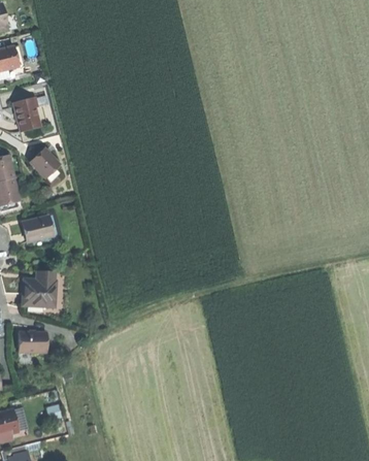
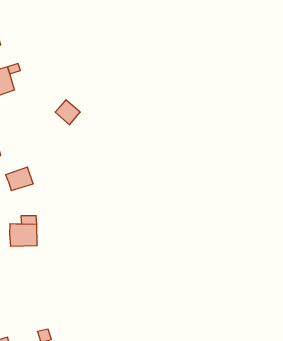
building: [30,149,59,177] -> [55,100,80,125]
building: [19,332,46,352] -> none

